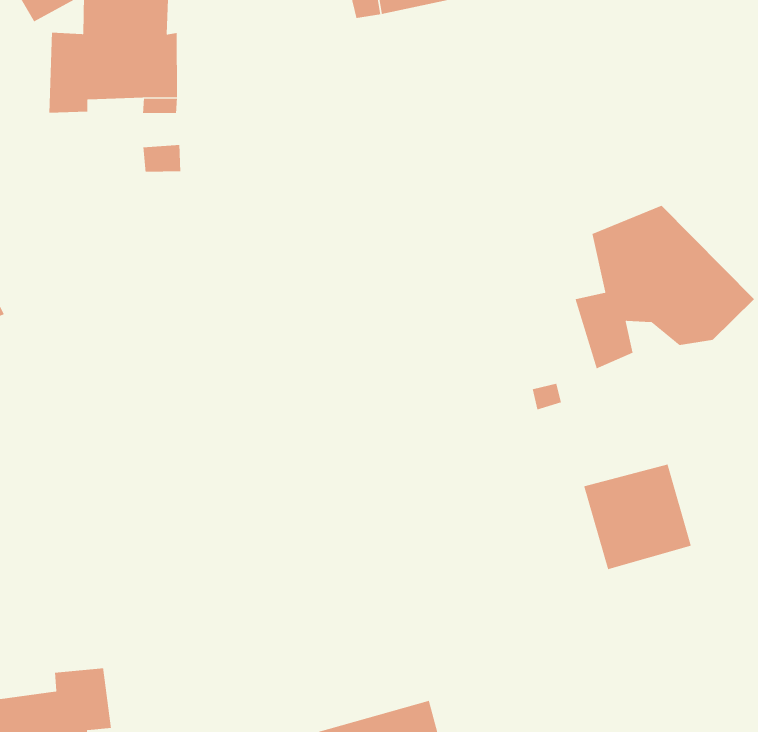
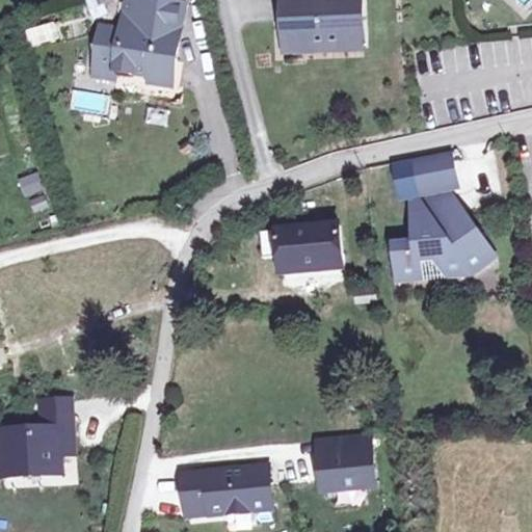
building: none -> [390,151,458,204]
building: none -> [260,220,345,272]
building: [583,463,692,570] -> [316,432,375,490]

